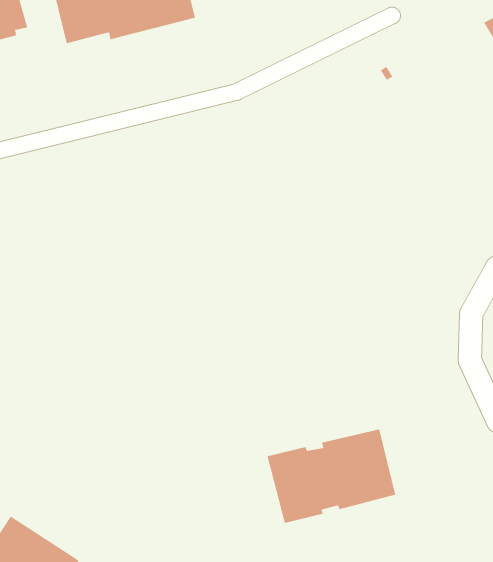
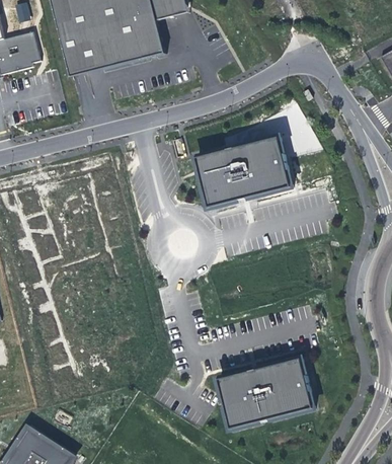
building: none -> [194,135,291,207]

